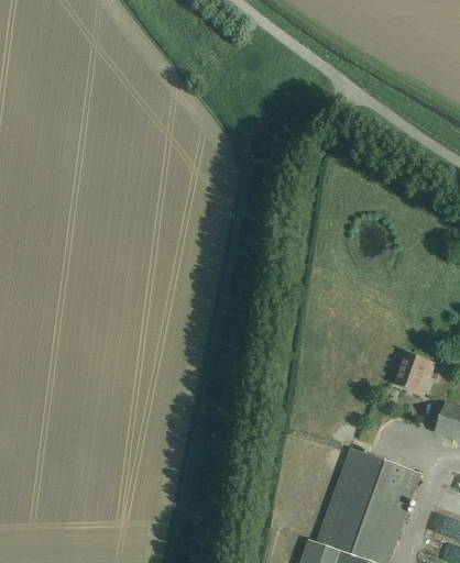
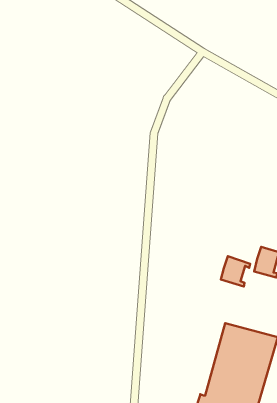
building: none -> [221,256,250,286]

